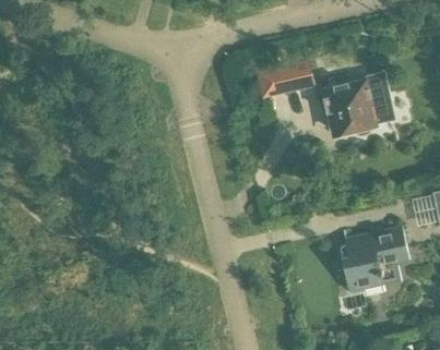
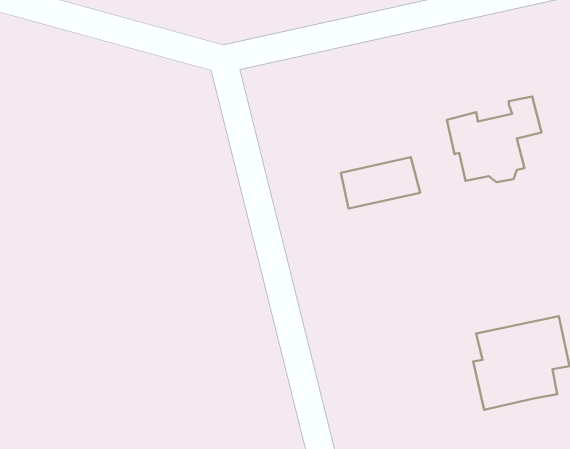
building: [257,62,312,98] -> [341,157,420,209]

